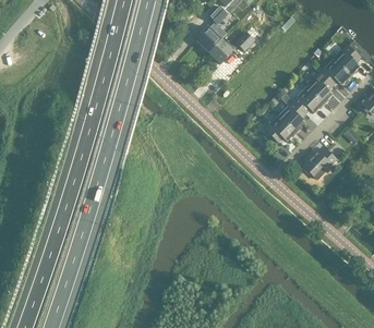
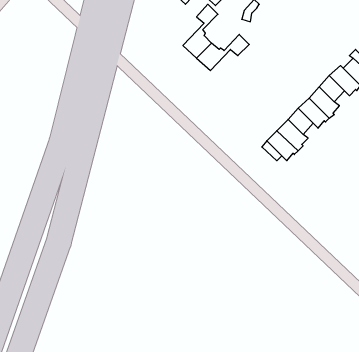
building: [303,150,337,177] -> none

